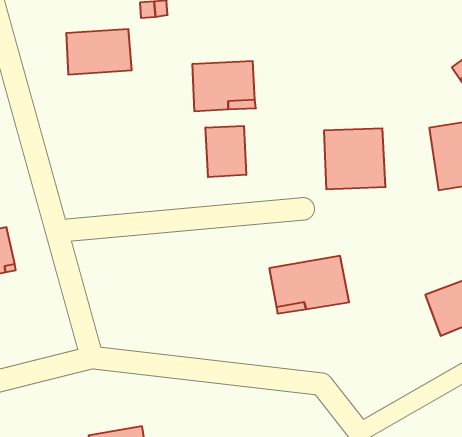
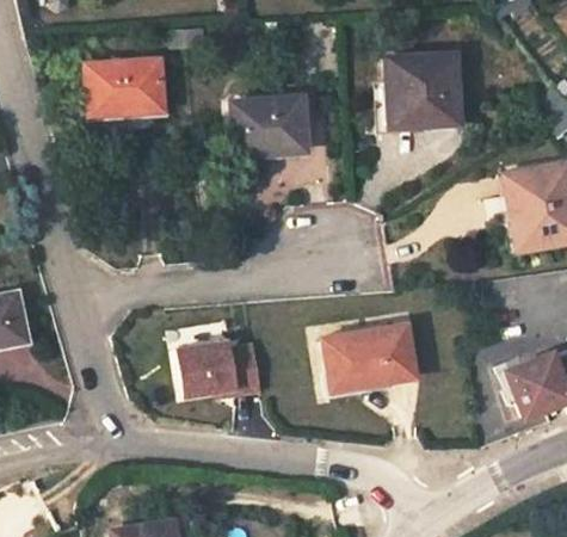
building: [206,126,246,177] -> none
building: [324,128,386,189] -> [387,55,458,125]
building: none -> [177,342,261,396]

